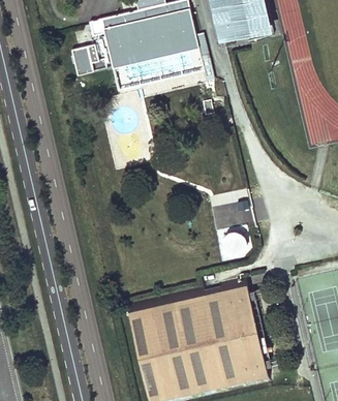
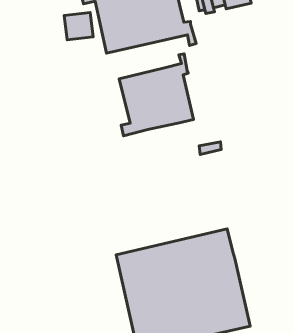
building: none -> [119,54,193,136]

